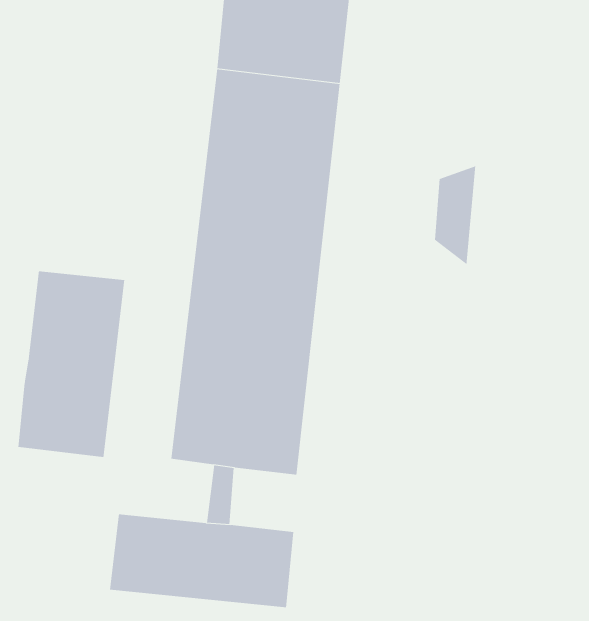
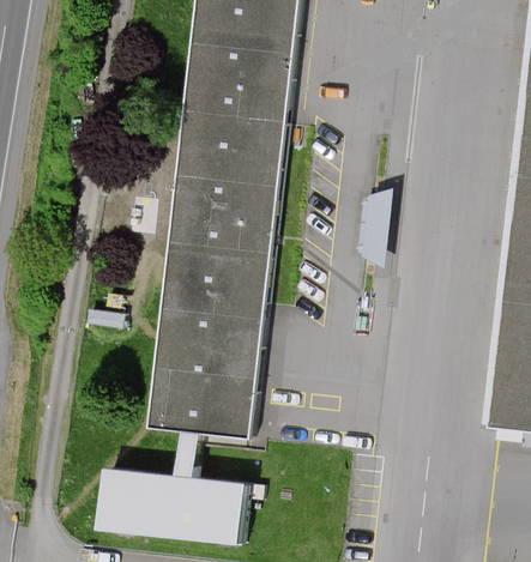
building: [18,271,125,458] -> none

